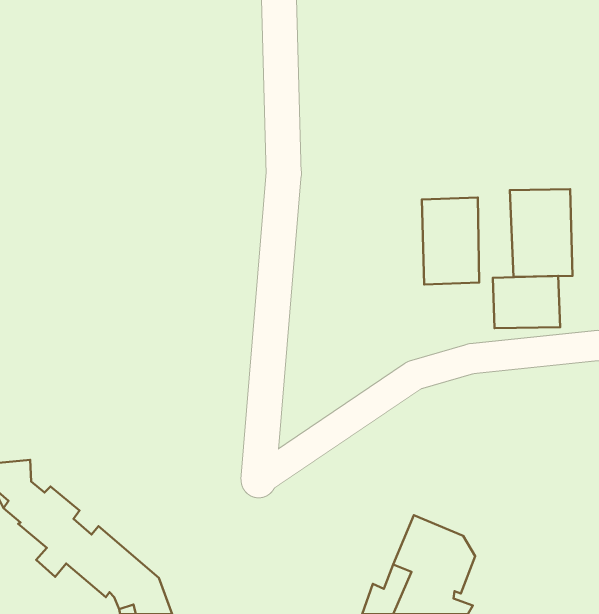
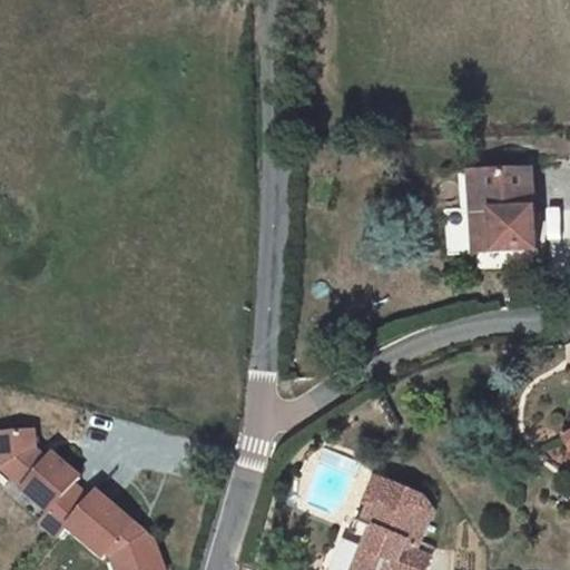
building: [422,198,479,285] -> none
building: [493,276,560,328] -> none

